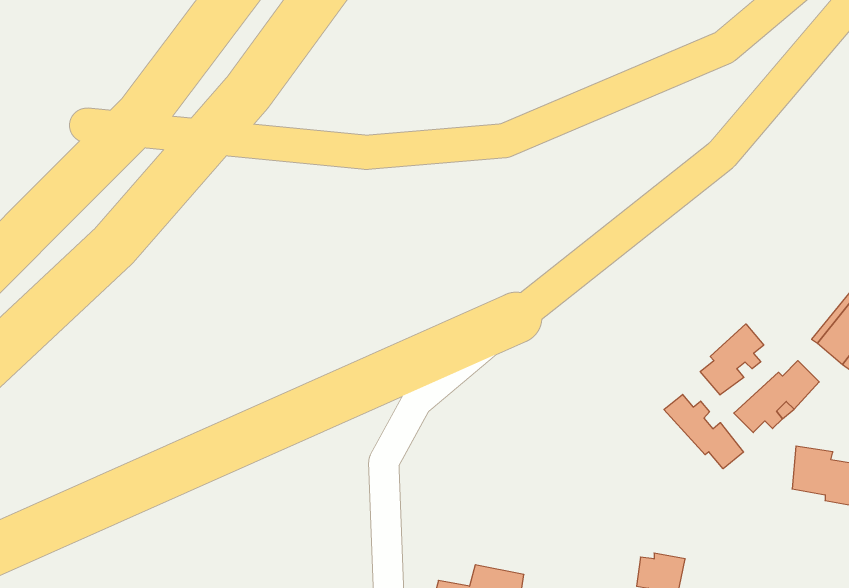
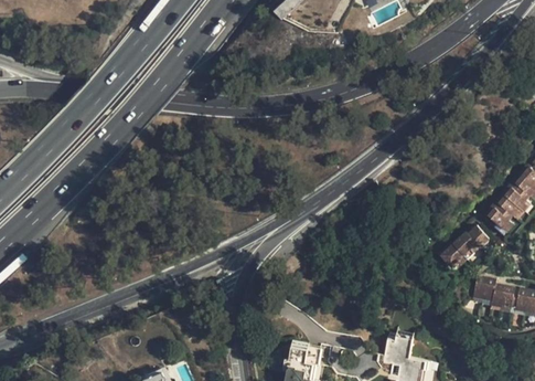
building: [700,324,764,395] -> none
building: [664,394,744,469] -> none

